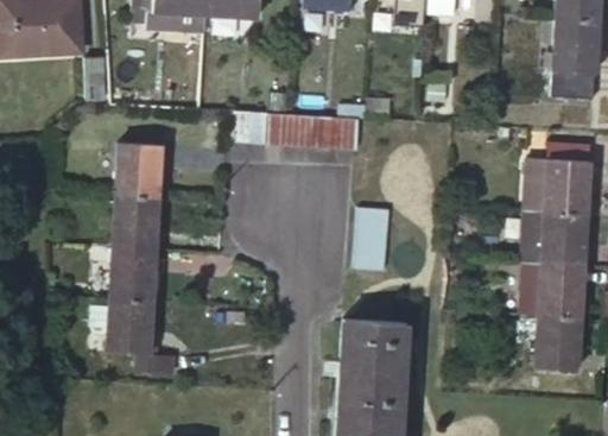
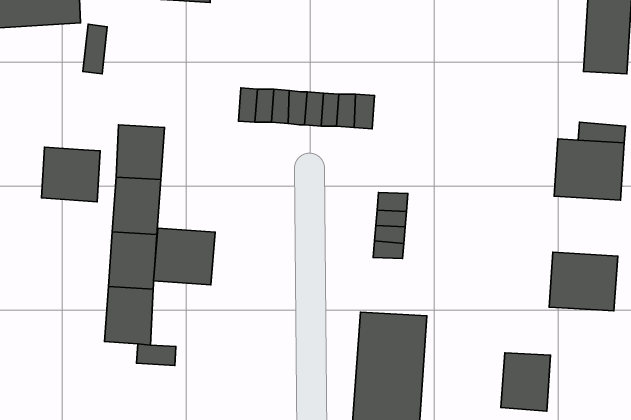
building: none -> [41,147,100,202]
building: [522,213,588,268] -> none
building: none -> [154,228,215,285]
building: [536,317,582,372] -> [501,353,551,411]

